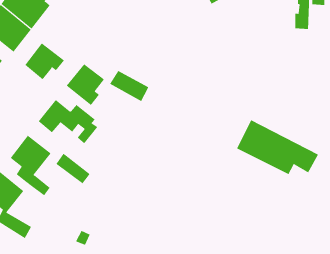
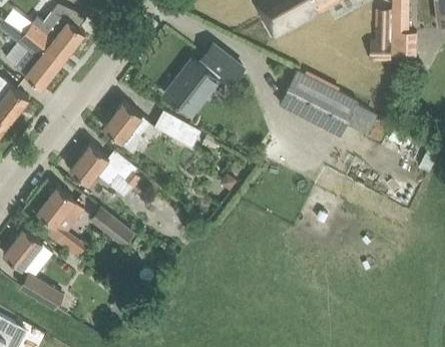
building: none -> [165,45,244,115]
building: [24,42,65,80] -> none
building: [236,120,319,175] -> [280,71,377,136]

